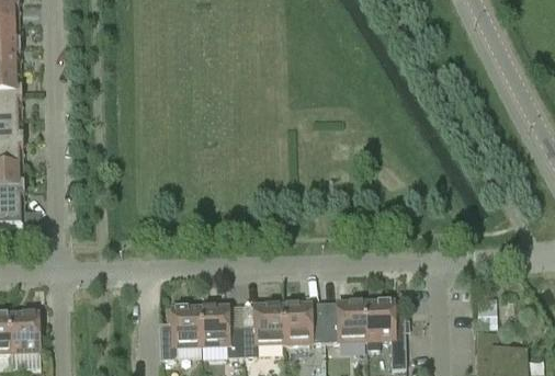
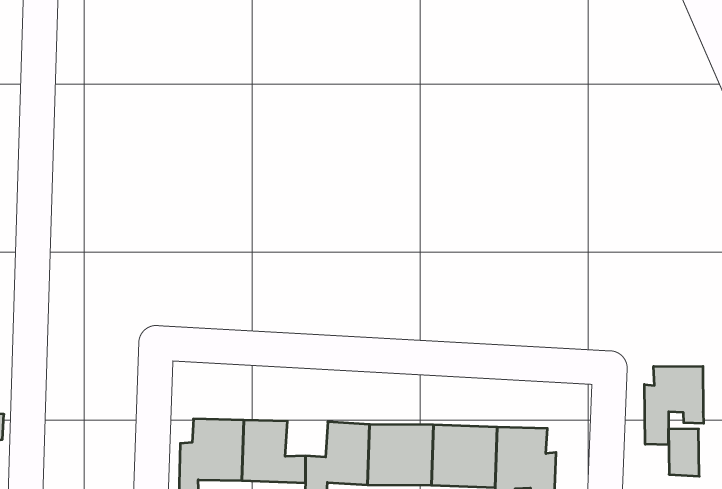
building: none -> [644,366,704,445]

